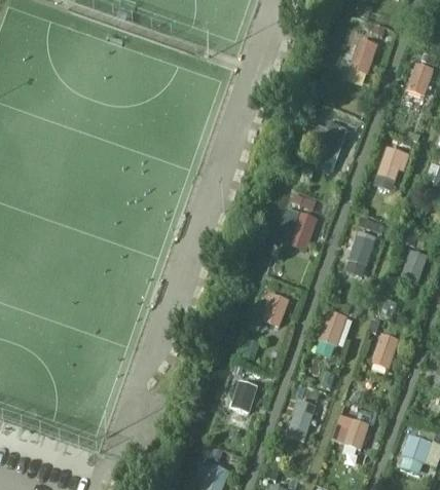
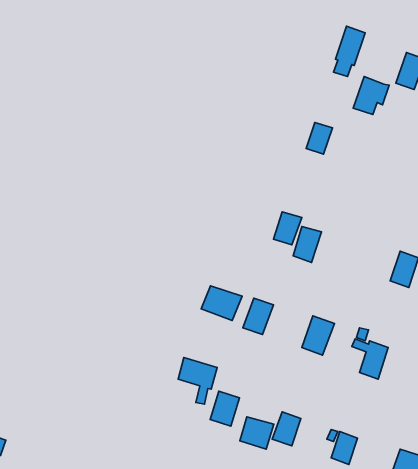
building: [375,146,409,182] -> [353,76,389,115]
building: [347,231,374,265] -> [293,226,321,263]
building: none -> [201,286,242,320]
building: none -> [178,357,217,404]
building: none -> [240,417,274,449]

